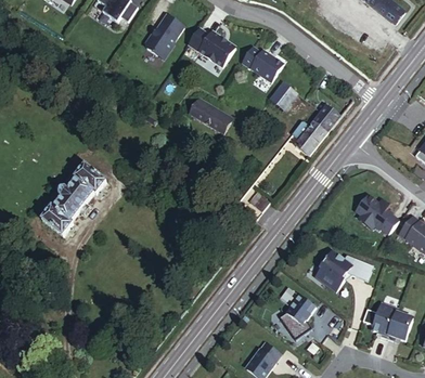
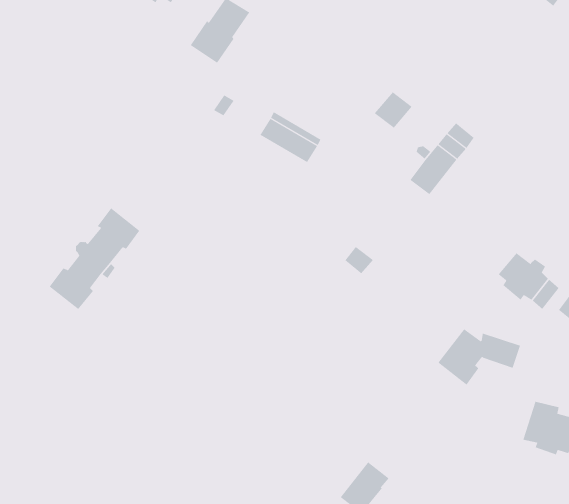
building: [188,29,226,61] -> none
building: [242,44,284,79] -> none
building: [279,294,315,338] -> none

